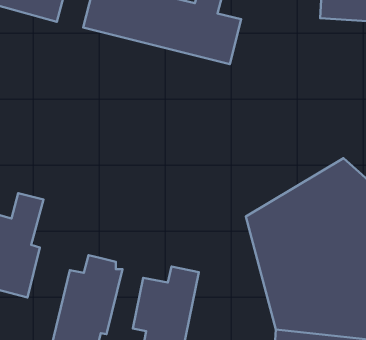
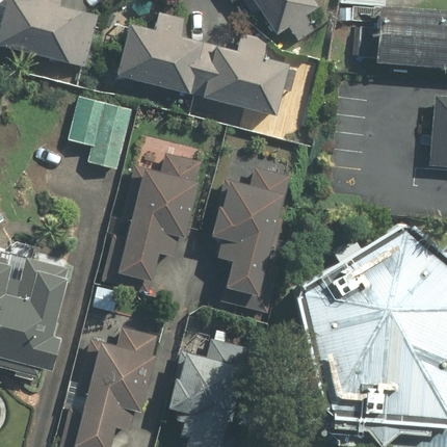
building: none -> [61,99,132,168]
building: none -> [120,152,203,281]
building: none -> [211,166,291,298]

